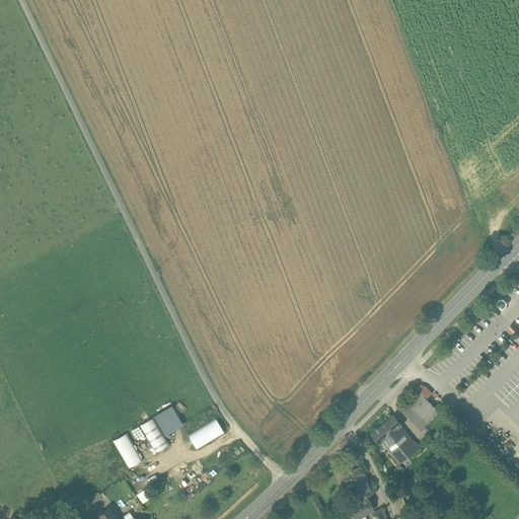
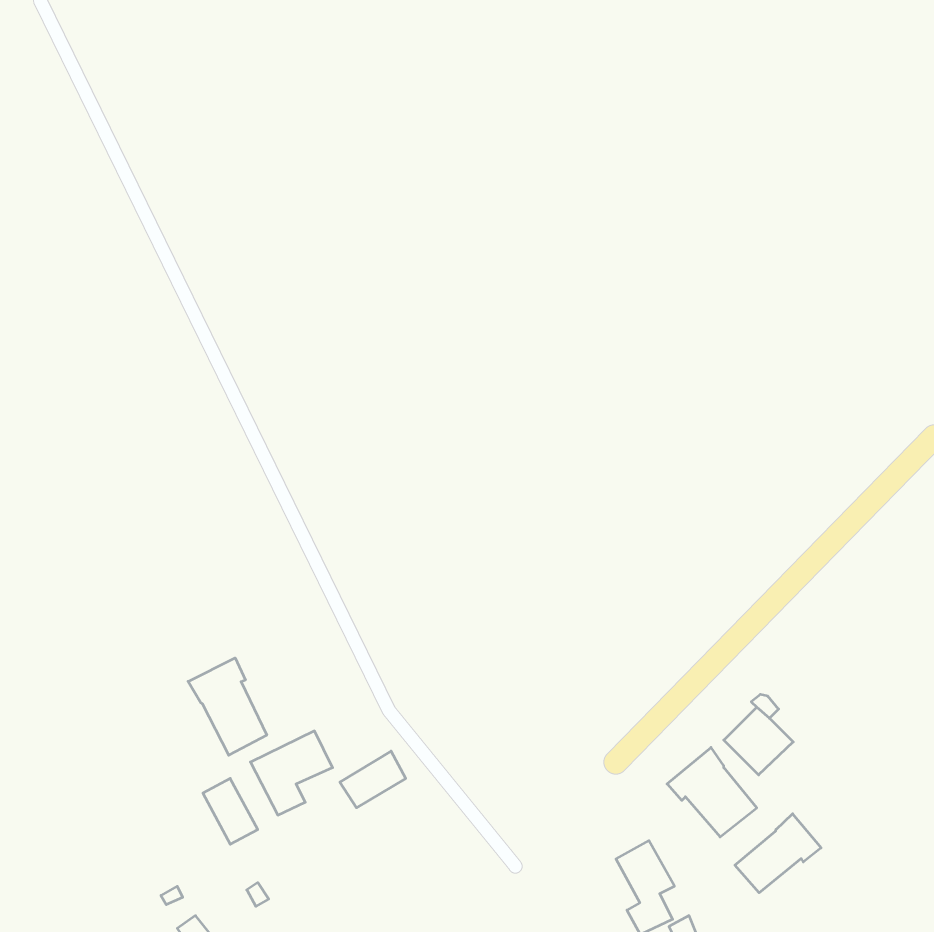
building: none -> [188,658,267,755]
building: none -> [735,814,821,893]

